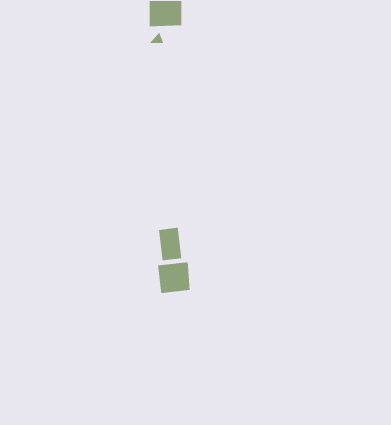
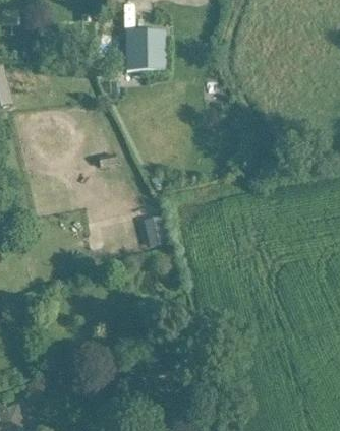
building: [157,261,190,294] -> none

